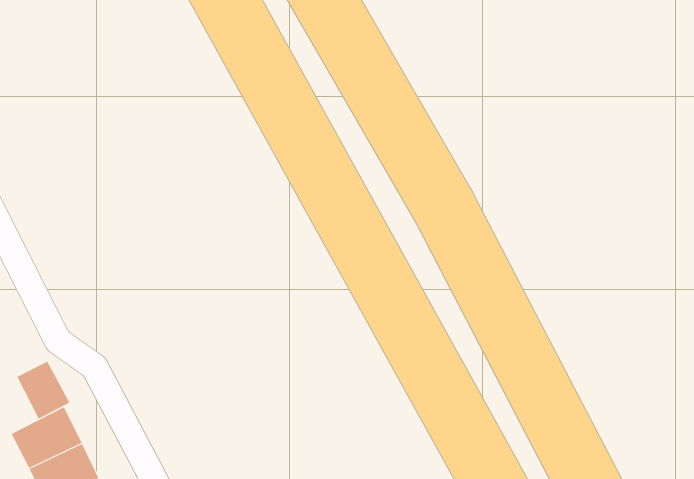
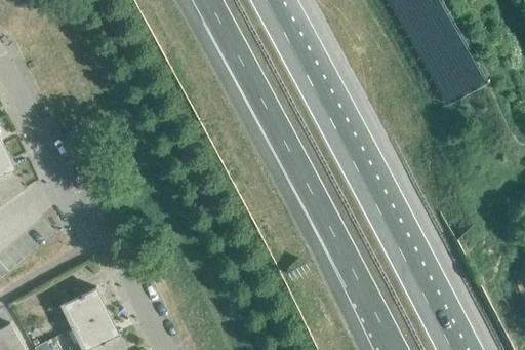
building: [16,361,70,420] -> none

